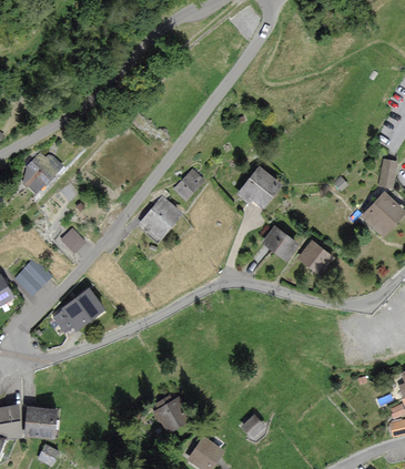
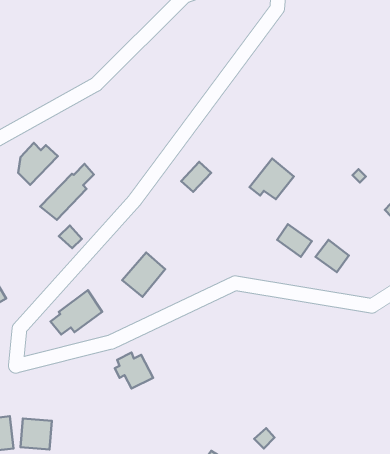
building: none -> [40,164,94,220]
building: [140,198,180,239] -> [122,253,165,297]
building: [16,259,50,294] -> none
building: [153,397,189,430] -> [115,352,153,388]

